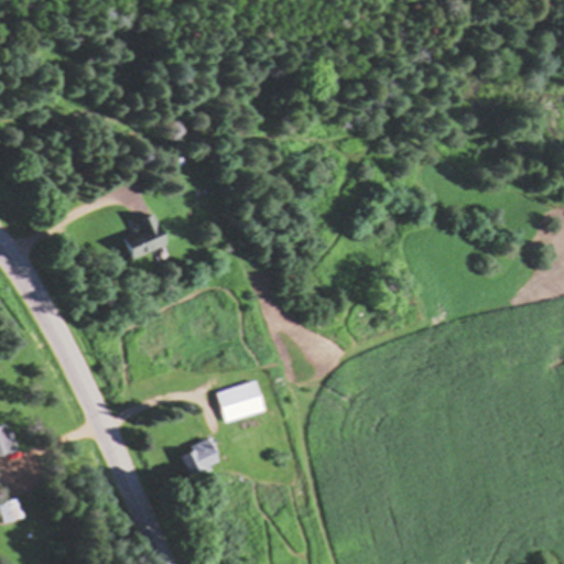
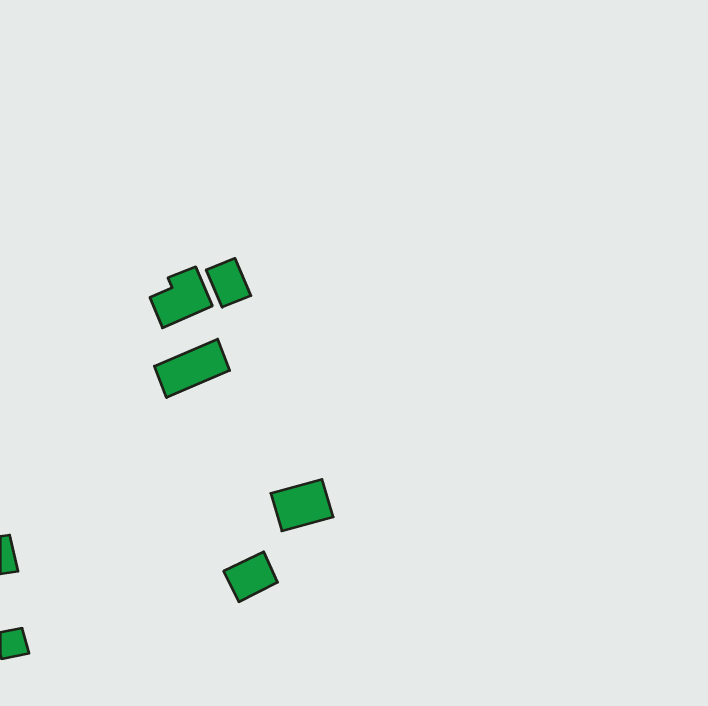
building: none -> [206,258,251,307]
building: none -> [154,339,230,398]

